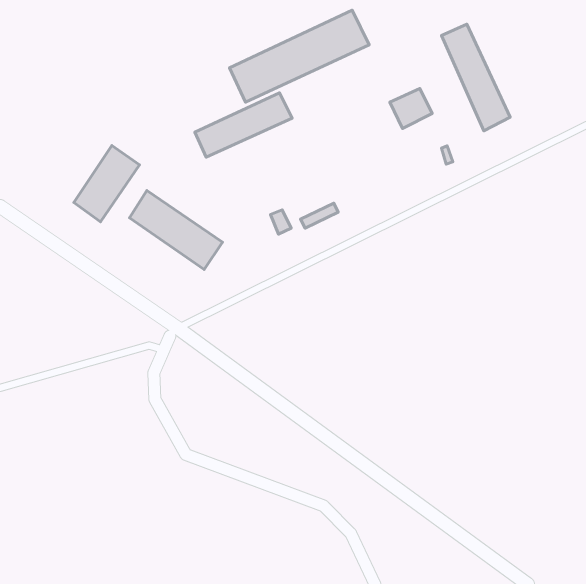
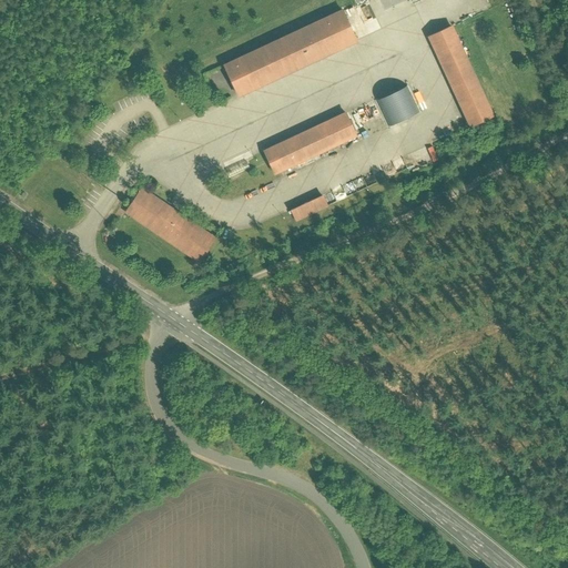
building: [195,93,292,157] -> [263,112,357,174]
building: [74,146,139,222] -> none

